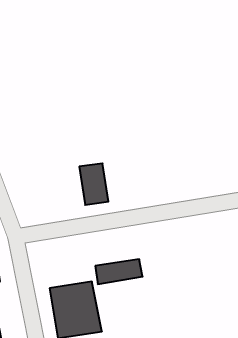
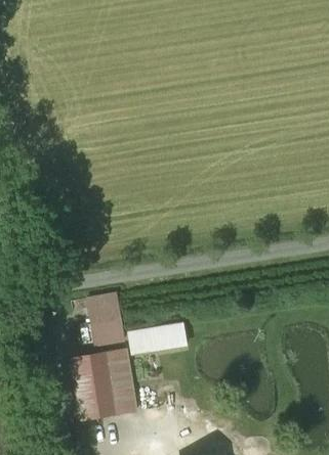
building: [79,163,108,205] -> [86,293,122,345]

